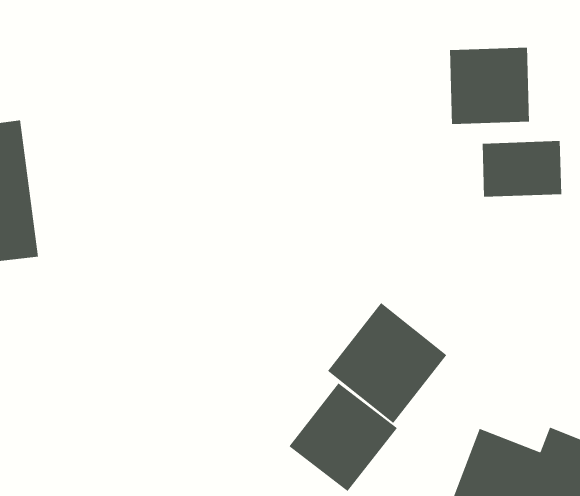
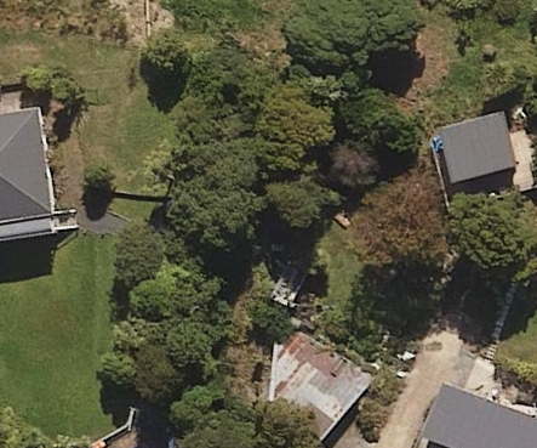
building: [450,47,530,125] -> none
building: [327,302,447,424] -> none

